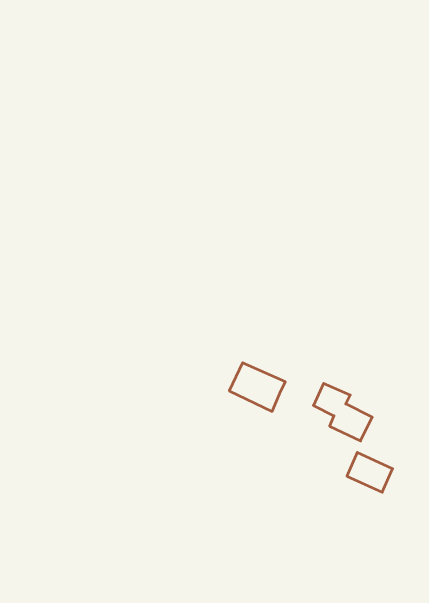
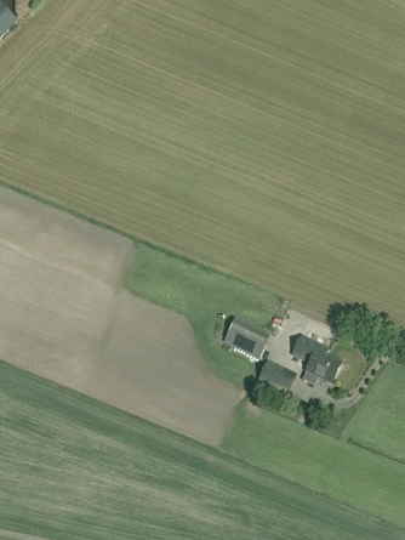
building: [347,452,393,492] -> [258,359,296,392]

